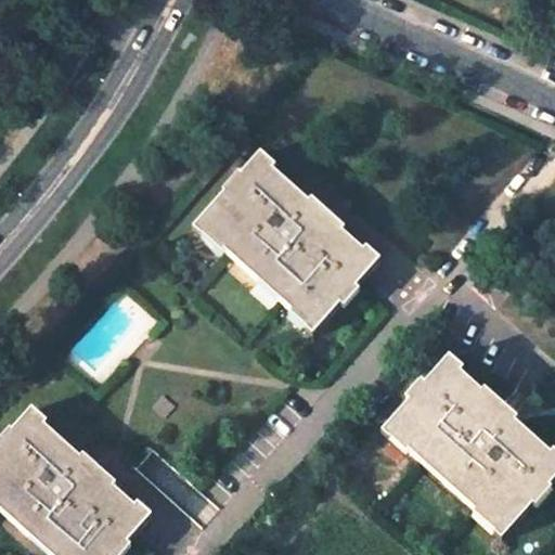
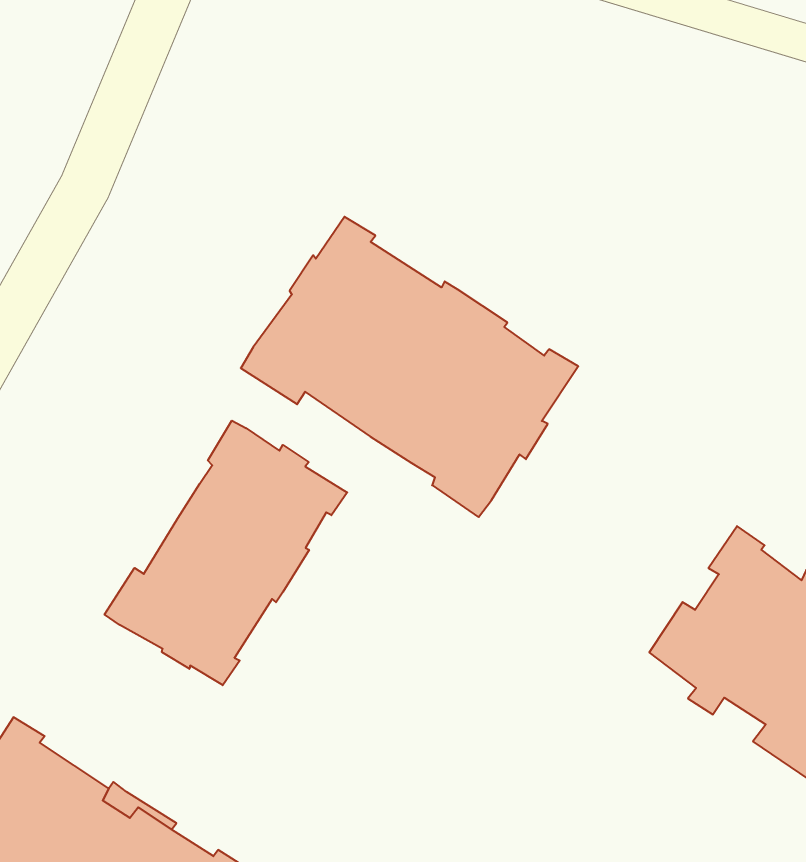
building: none -> [105,421,347,685]

